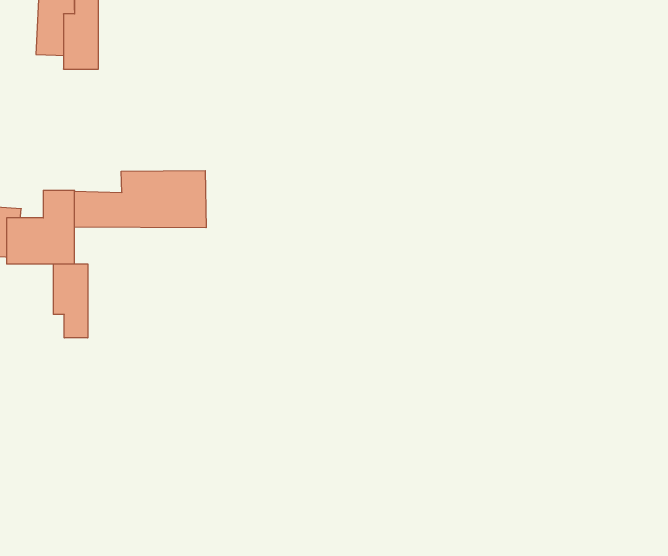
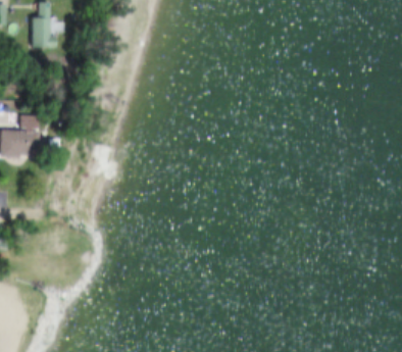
building: [75,171,206,228] -> none
building: [53,264,88,338] -> none

